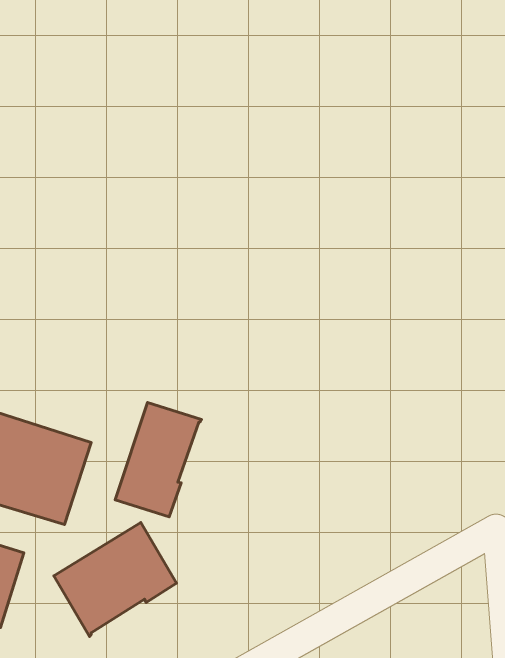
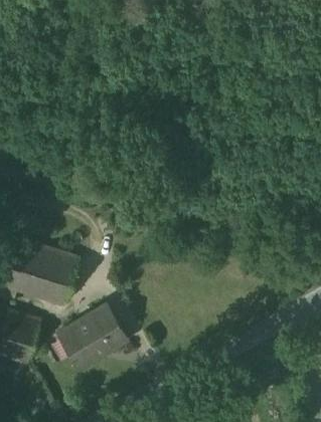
building: [115,403,201,517] -> none

